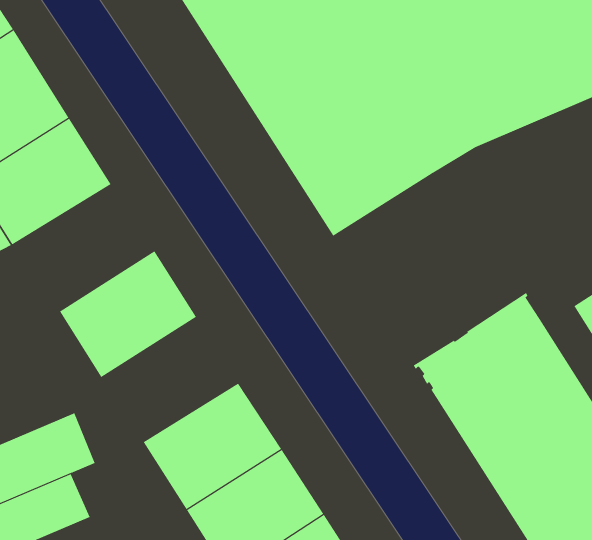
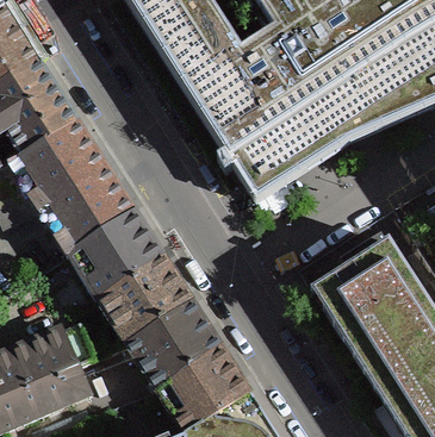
building: none -> [37,163,135,252]
building: none -> [98,254,192,341]

